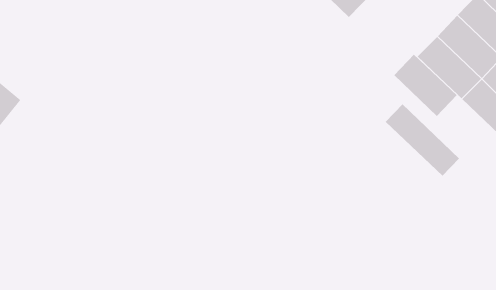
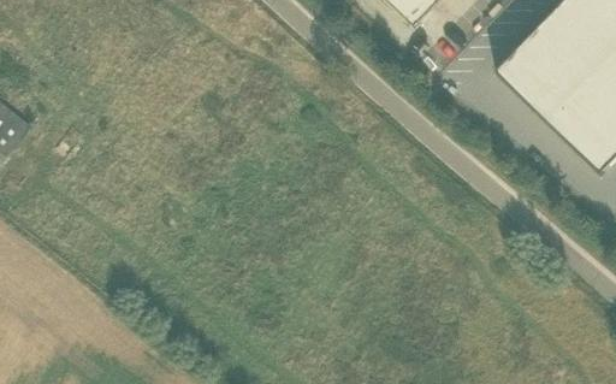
building: [393,54,457,117] -> none
building: [385,103,460,177] -> none

